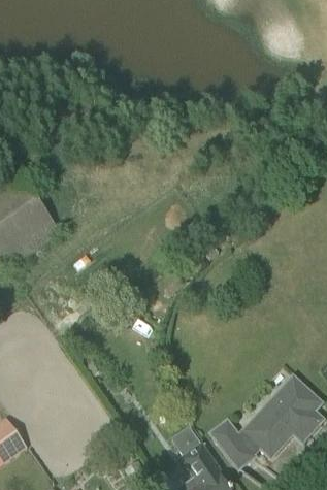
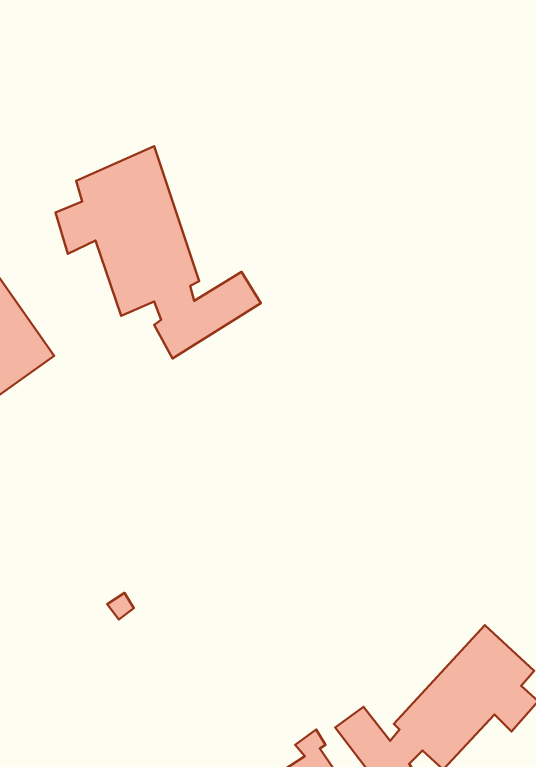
building: none -> [55,146,261,358]

